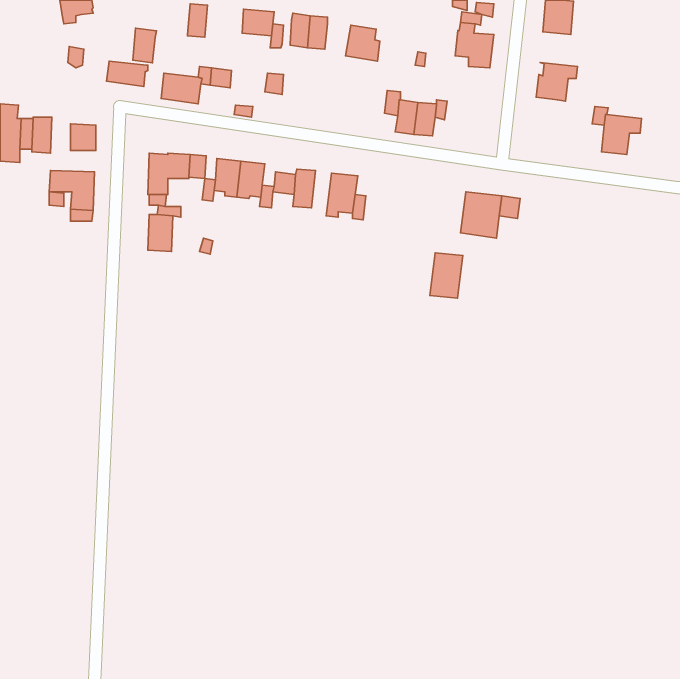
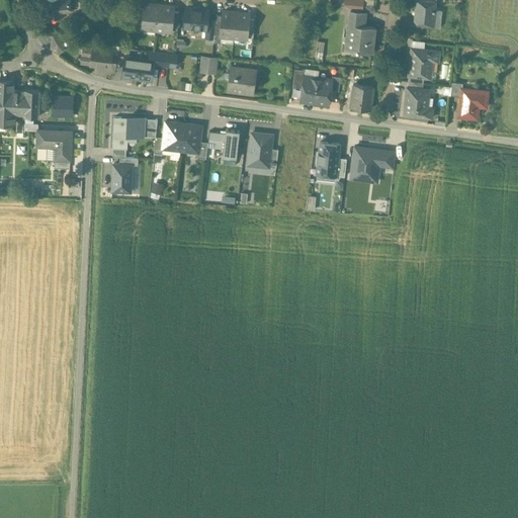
building: [345,25,380,61] -> [228,67,254,94]
building: [133,28,157,63] -> [156,5,174,31]
building: none -> [350,85,373,110]
building: none -> [404,87,432,117]
building: [430,253,463,298] -> [316,141,341,175]

